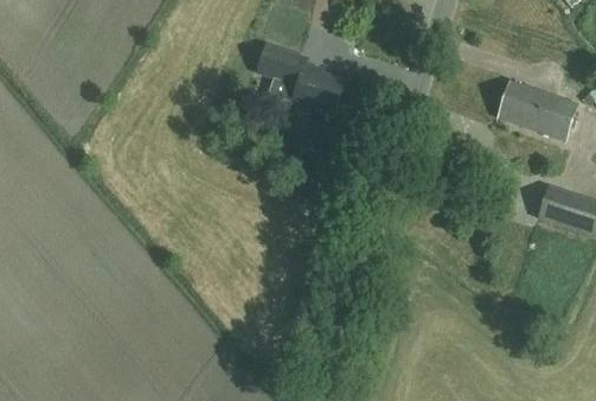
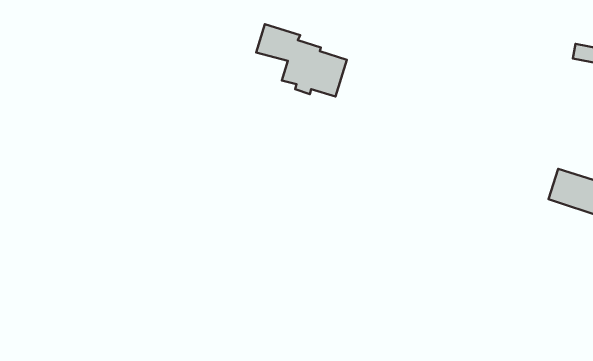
building: [498,79,577,138] -> none

